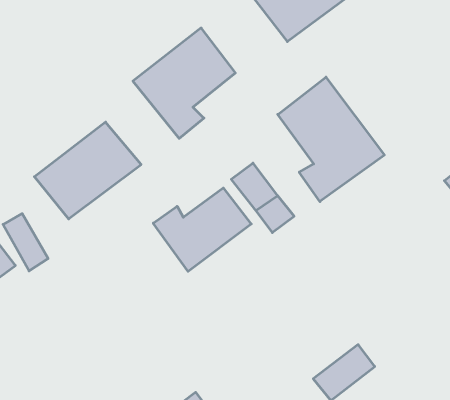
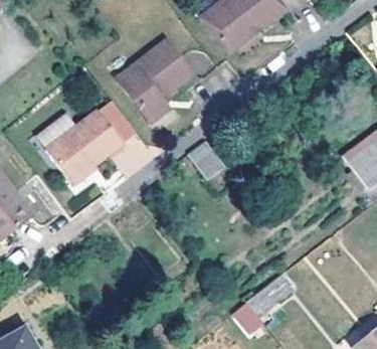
building: [278,77,384,202] -> none
building: [153,188,251,271] -> none

